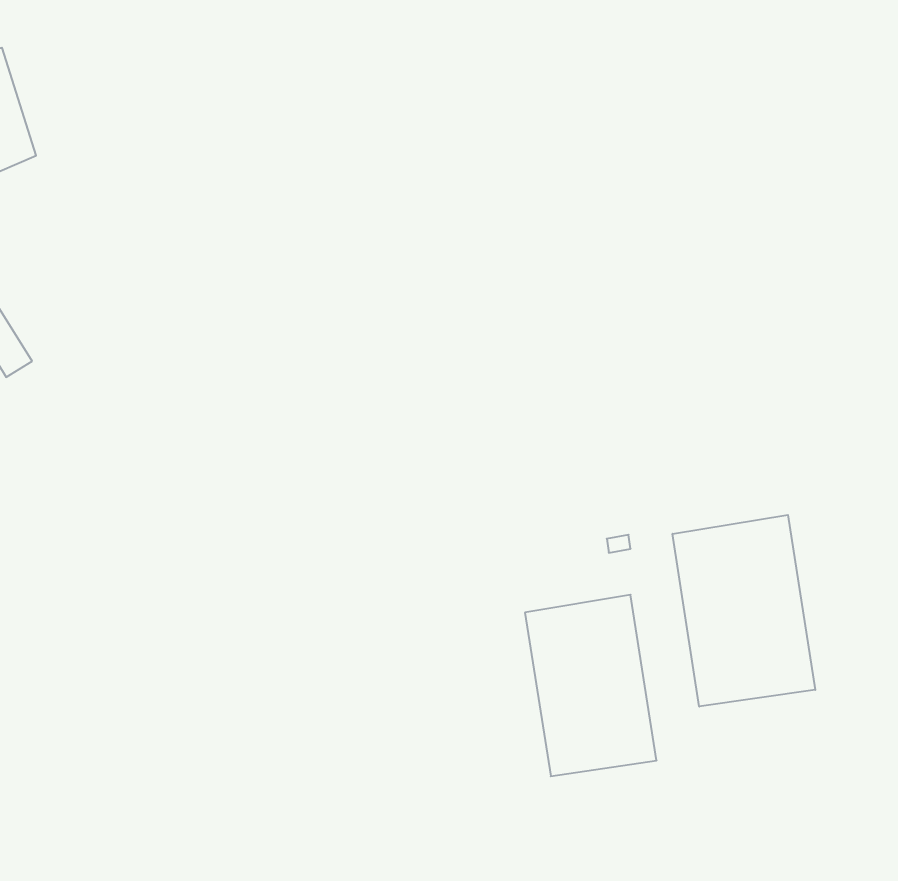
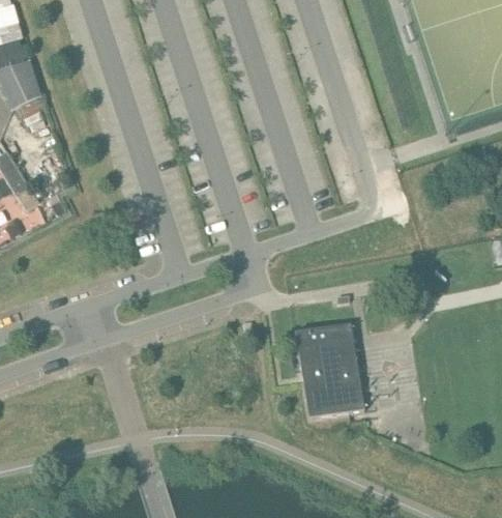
building: [673,515,815,707] -> none

